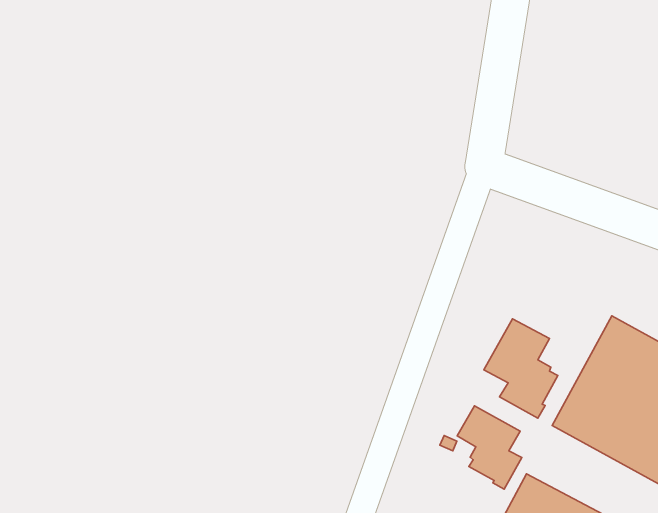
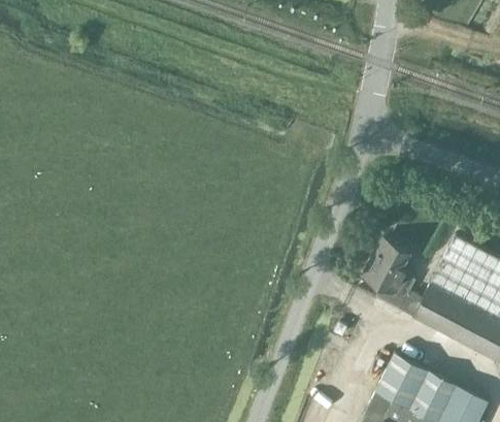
building: [457,406,522,489] -> none

